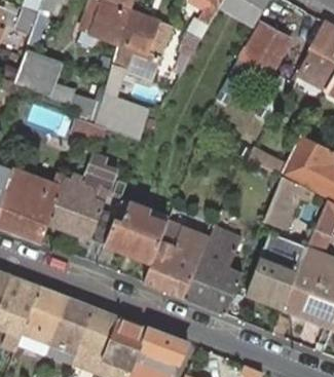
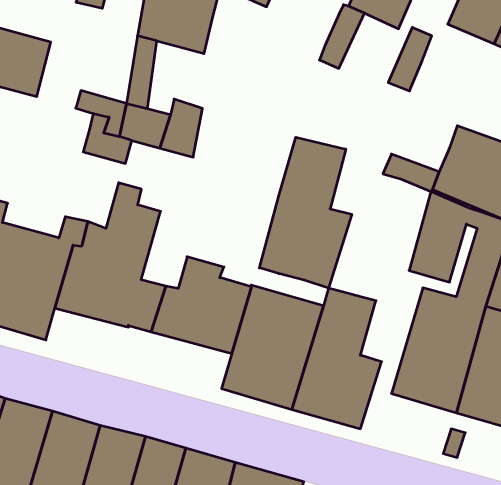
building: none -> [259,137,352,288]

